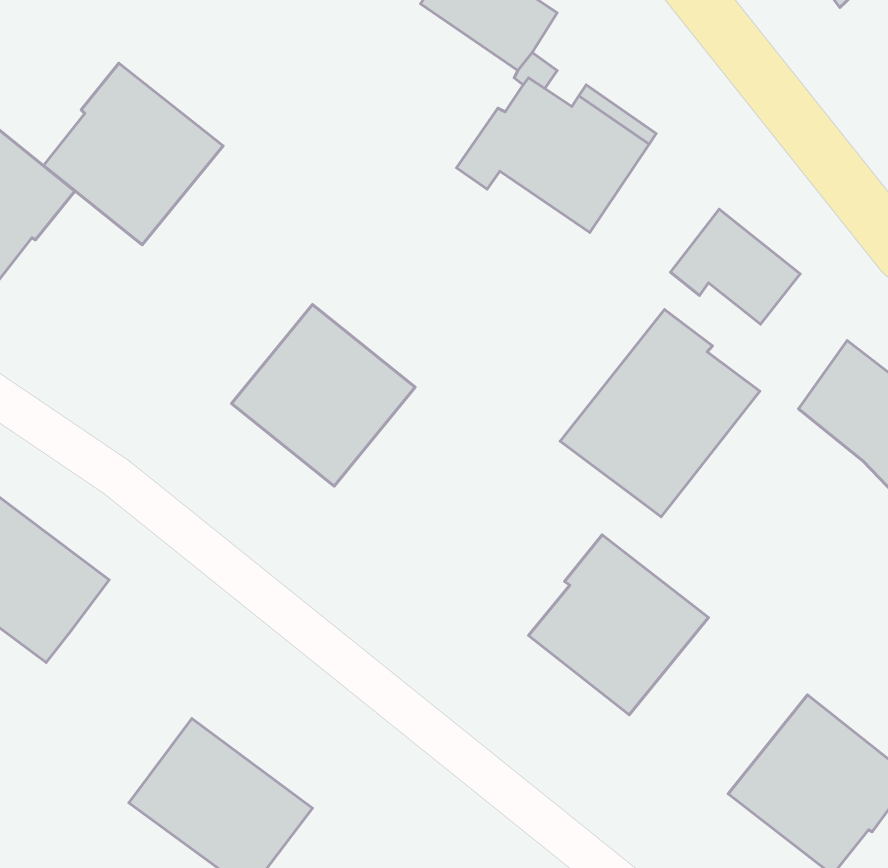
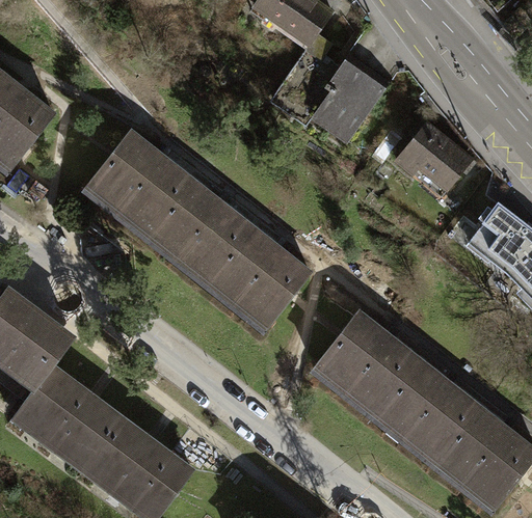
building: [43,63,223,245] -> [86,131,190,236]
building: [560,309,760,517] -> none
building: none -> [203,226,308,329]
building: none -> [373,359,476,461]
building: none -> [15,366,121,466]

